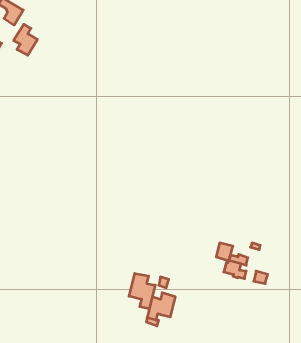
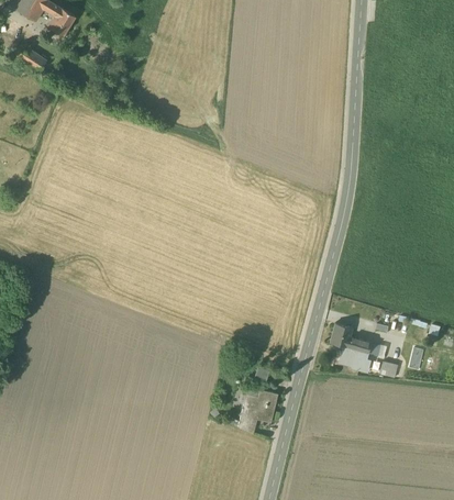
building: [14,24,37,55] -> none
building: [129,273,155,309] -> none

